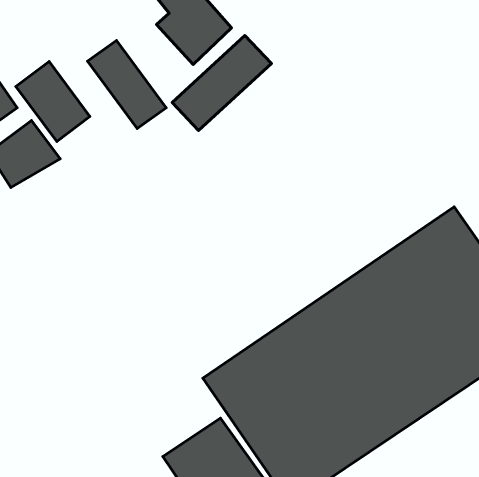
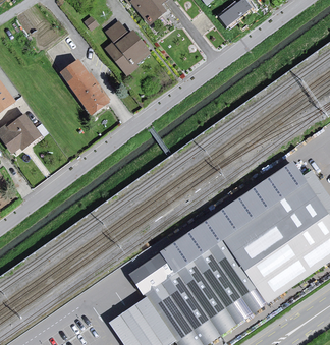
building: [172,36,271,131] -> none
building: [16,61,90,142] -> none

